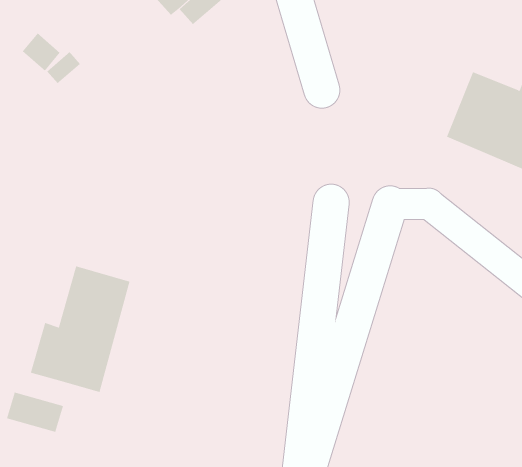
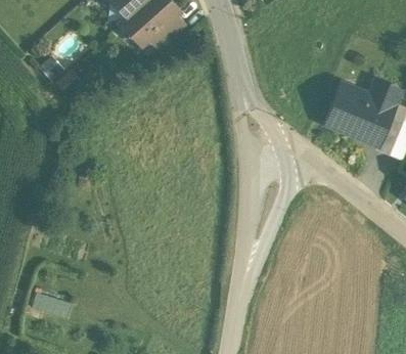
building: [30,266,130,393] -> none

